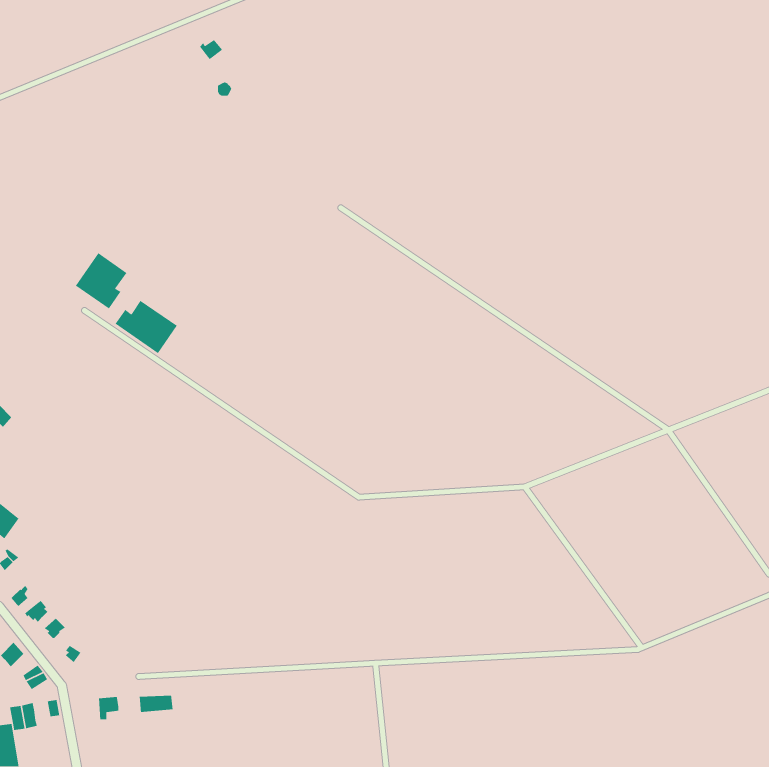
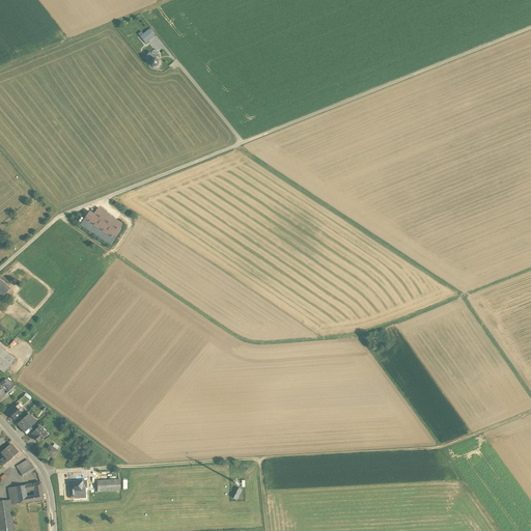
building: [75,252,127,310] -> none

